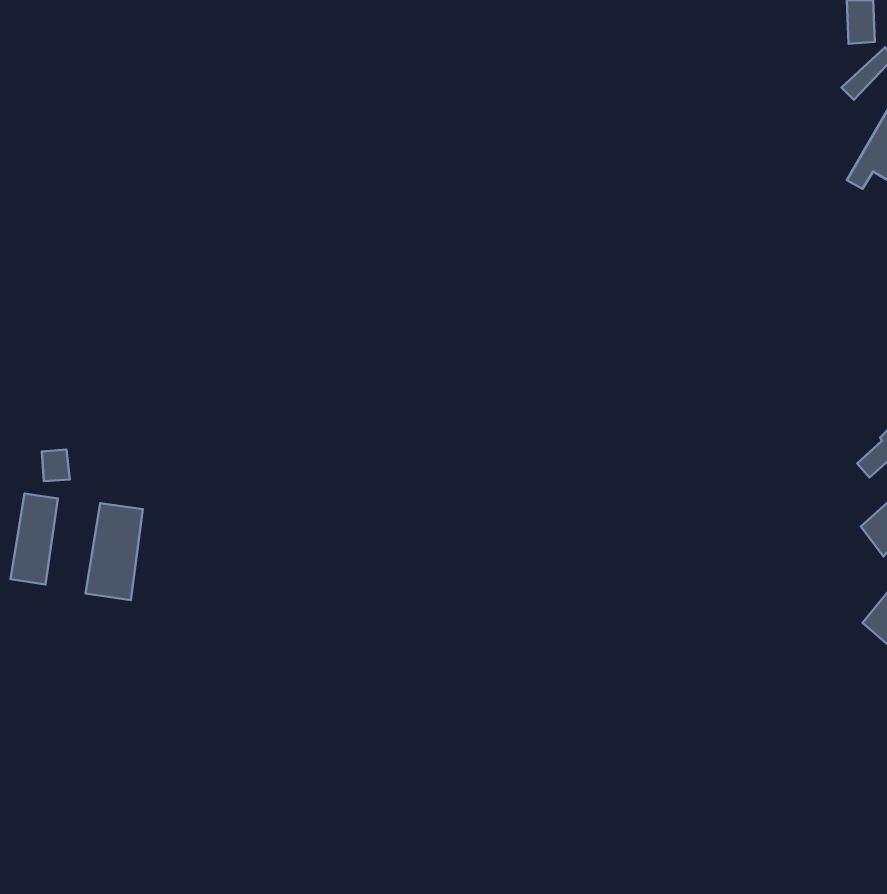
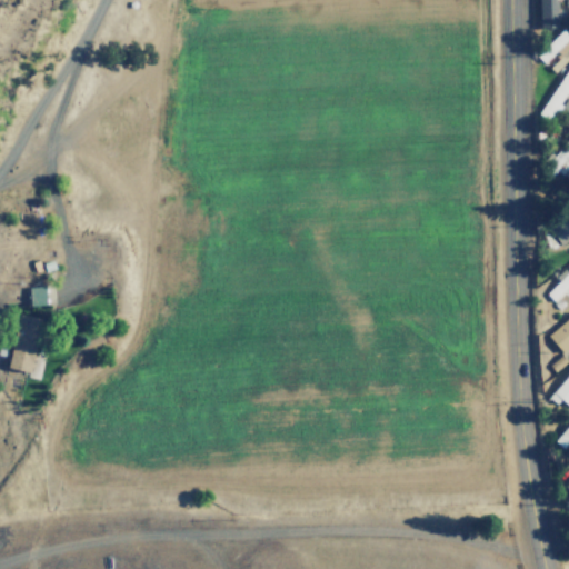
building: [86,503,143,600] -> none

